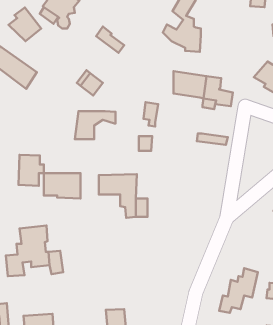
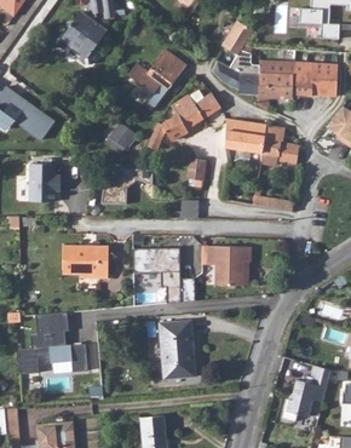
building: [9,7,41,41] -> none
building: none -> [146,48,186,90]
building: none -> [258,59,338,97]
building: none -> [148,90,221,149]
building: [19,155,44,186] -> [29,163,61,202]
building: none -> [202,246,252,286]
building: none -> [160,320,196,379]

